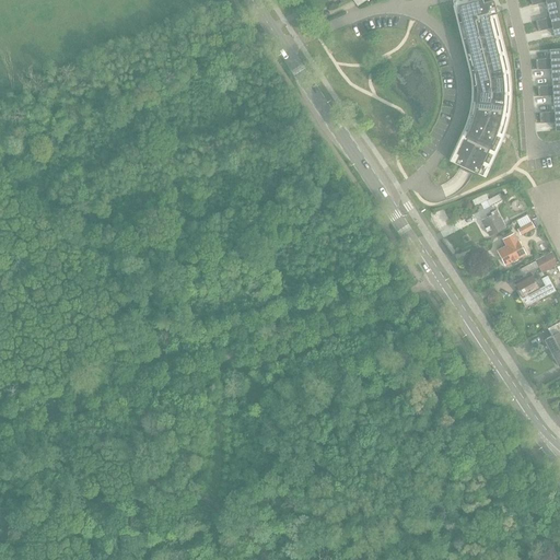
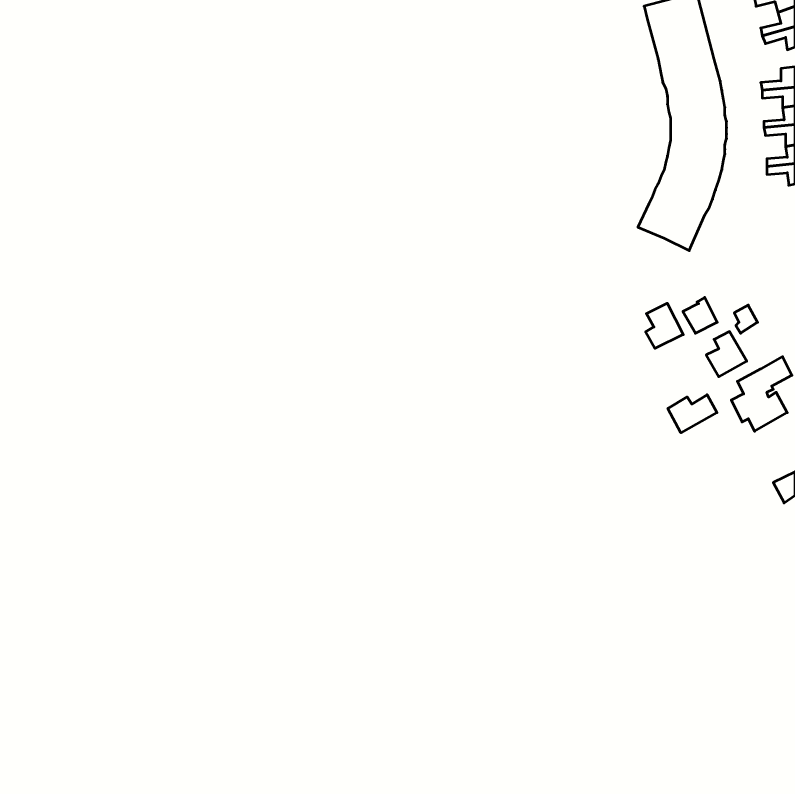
building: none -> [646,303,683,348]
building: none -> [668,395,717,433]

